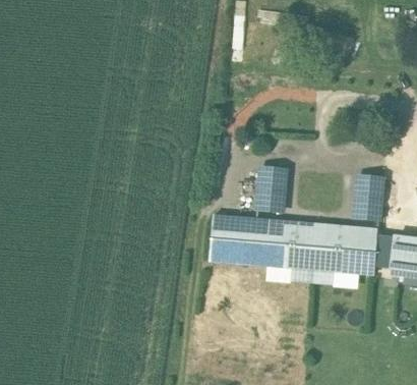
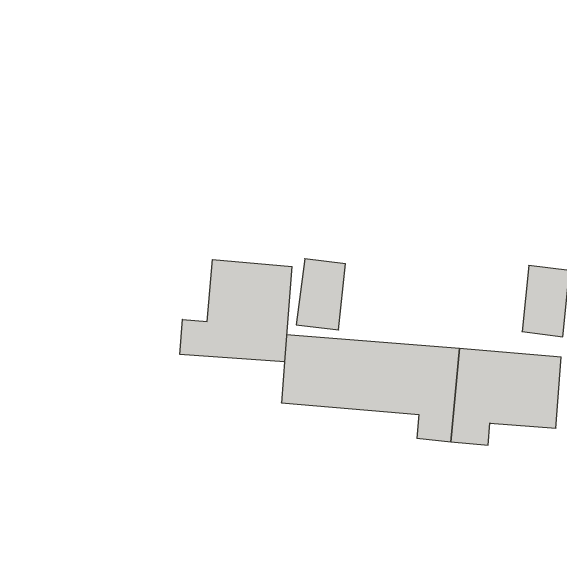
building: [257,169,287,212] -> [296,259,345,330]
building: none -> [180,260,292,362]

